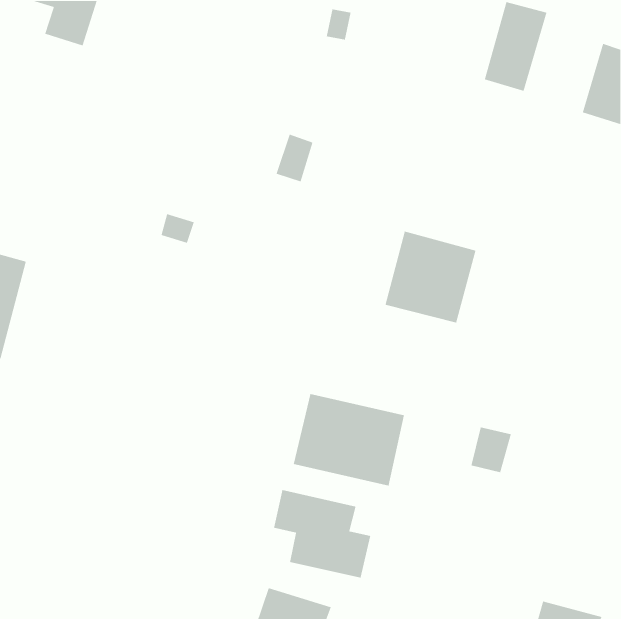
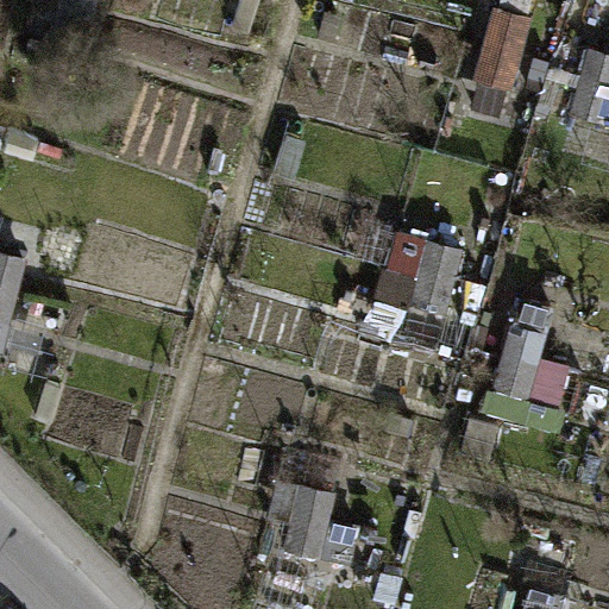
building: none -> [490,300,567,410]
building: [293,393,405,487] -> none

